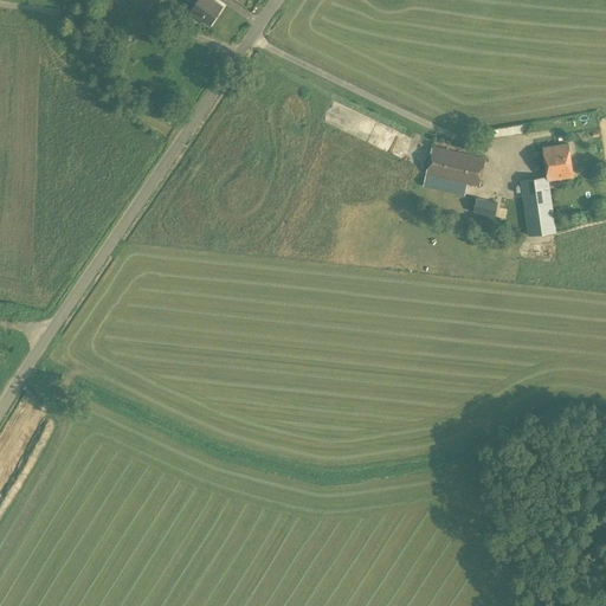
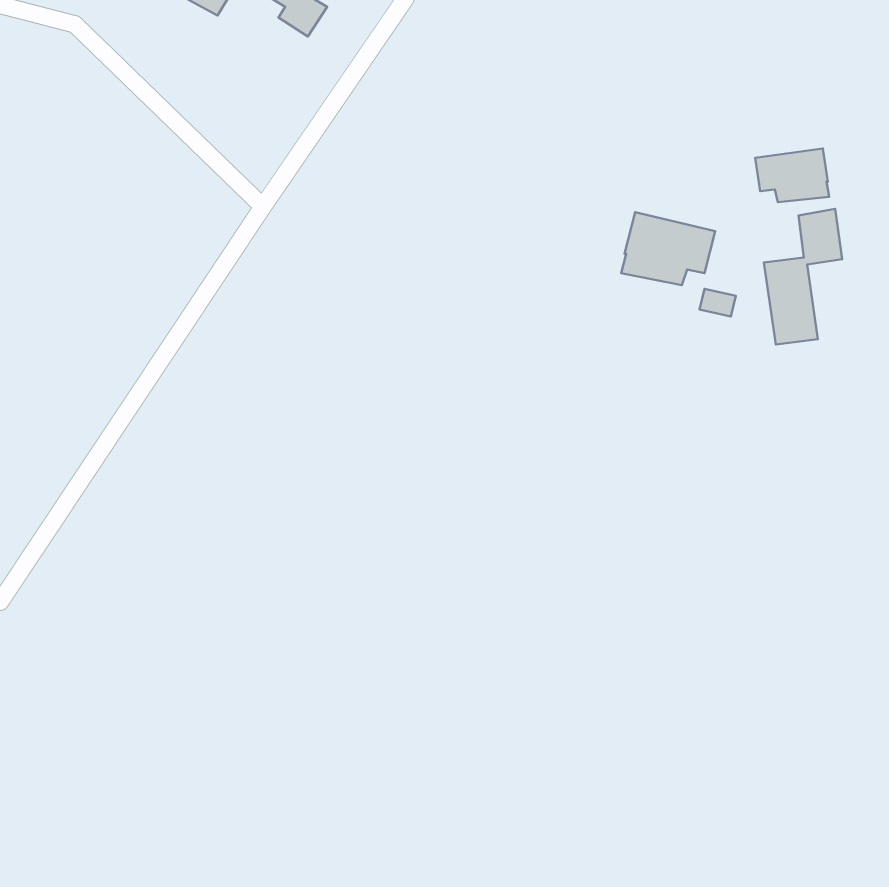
building: none -> [755,149,829,202]

